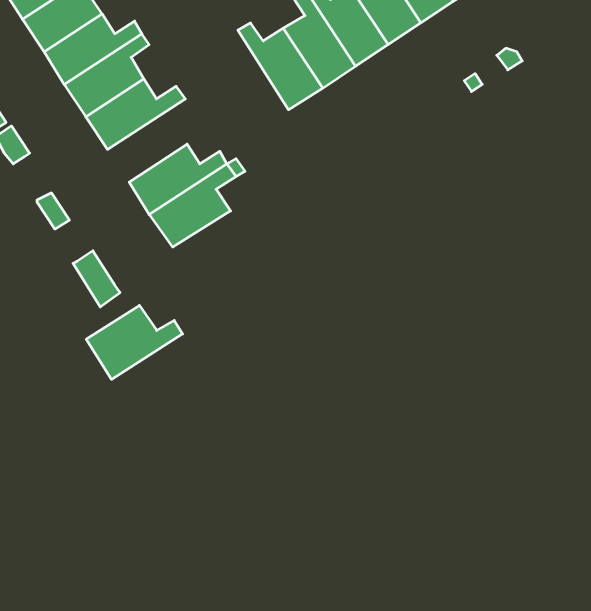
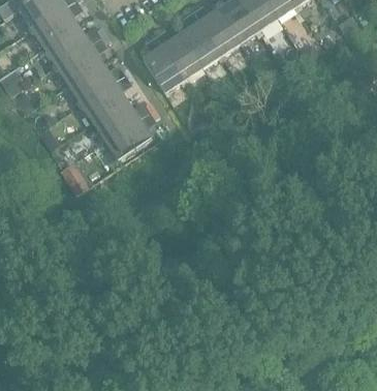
building: none -> [143,33,184,91]
building: none -> [81,72,129,120]
building: [86,305,183,379] -> none

